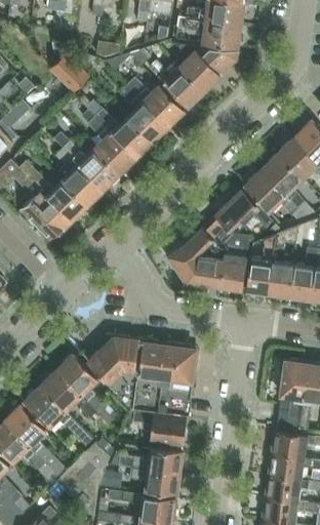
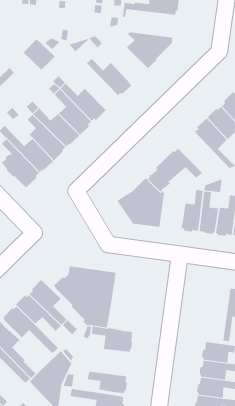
building: [177,17,241,48] -> none
building: [149,60,205,109] -> none
building: [120,84,168,143] -> none
building: [245,168,307,219] -> none
building: [221,234,249,291] -> none
building: [156,342,198,414] -> none
building: [277,360,308,430] -> none
building: [111,447,184,474] -> none

